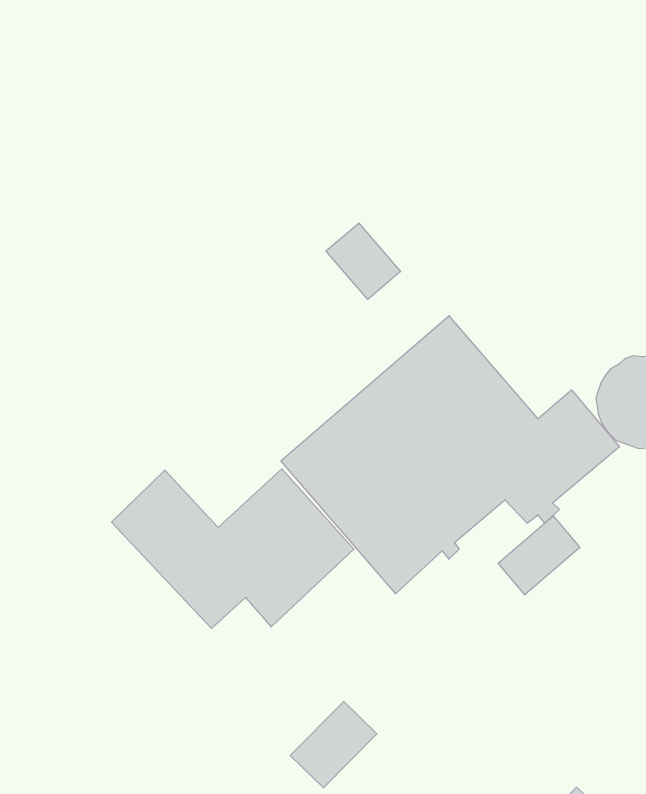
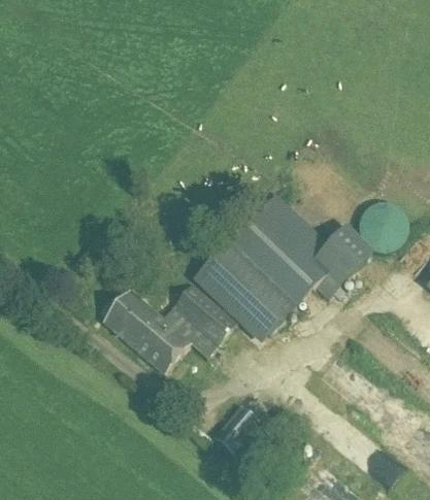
building: [326,223,401,299] -> none
building: [498,516,580,595] -> none

